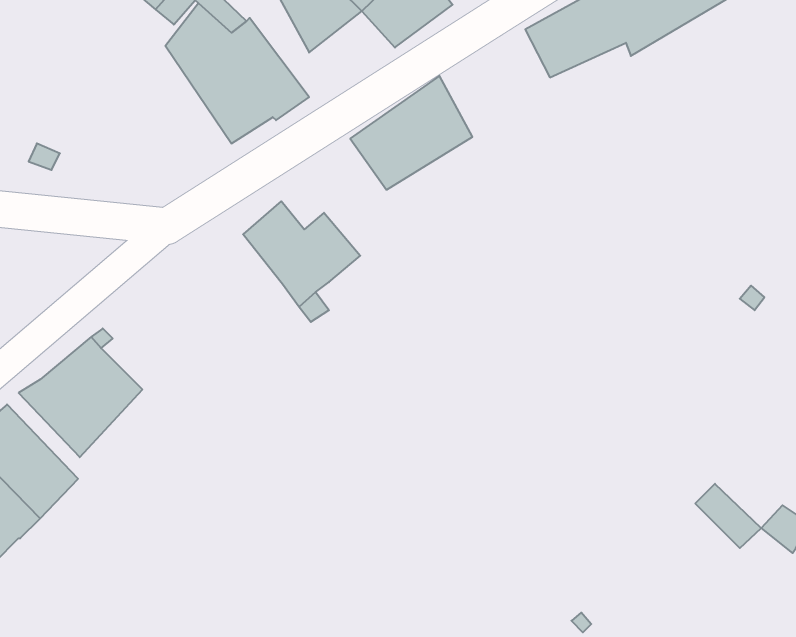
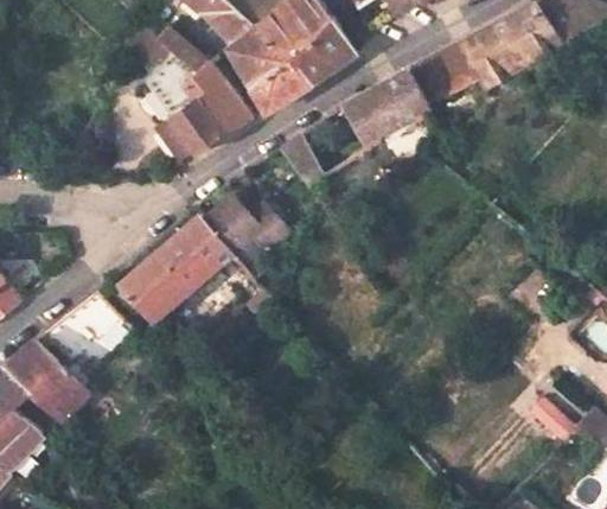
building: none -> [253,57,314,113]
building: none -> [346,70,432,147]
building: none -> [114,212,234,323]

